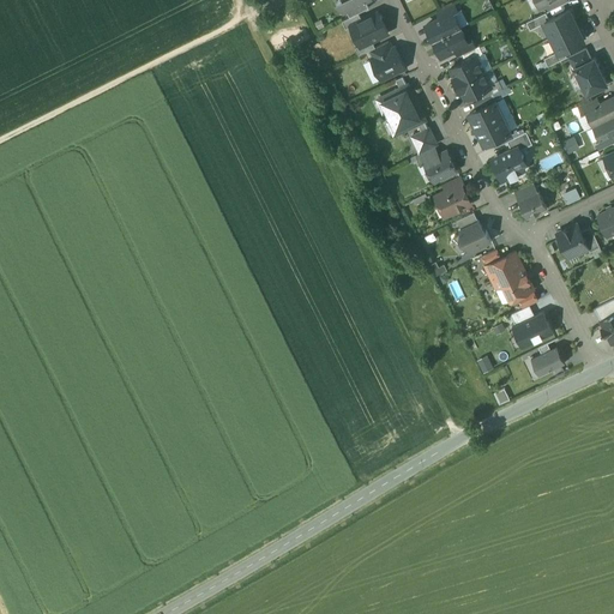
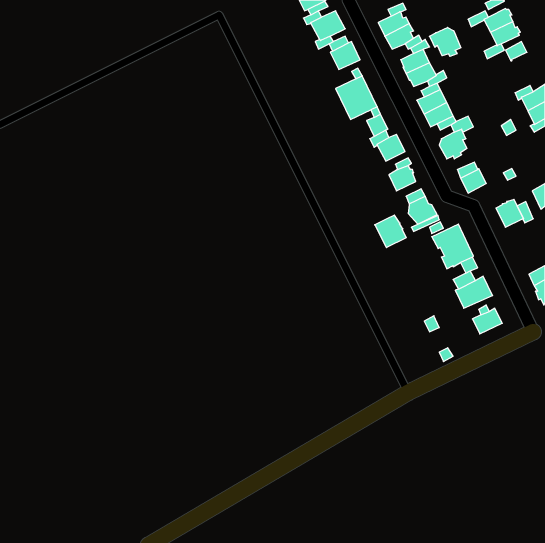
building: none -> [429,27,461,56]
building: [573,60,606,95] -> none
building: none -> [375,215,406,248]

